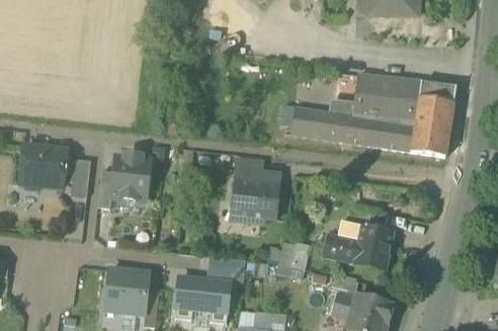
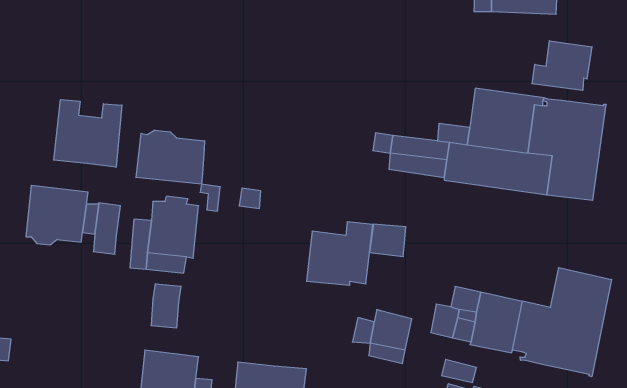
building: none -> [532,41,592,90]
building: none -> [54,100,122,167]
building: none -> [136,130,205,184]
building: [235,158,262,182] -> [370,224,406,257]
building: none -> [513,268,612,377]
building: none -> [151,284,181,328]
building: [206,256,245,283] -> none

